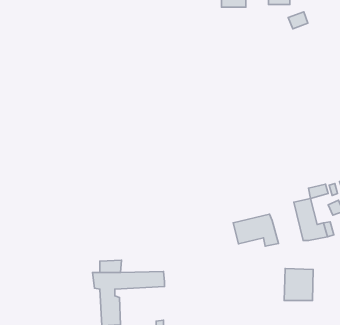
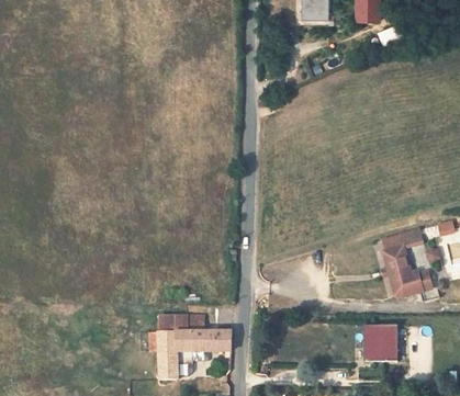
building: [233,214,279,246] -> none

